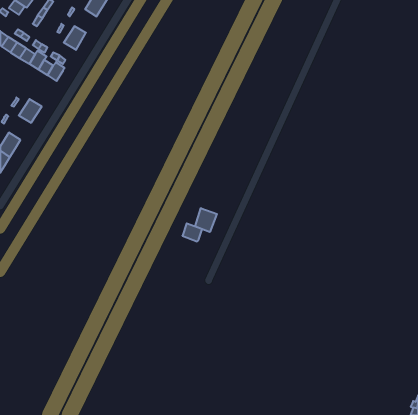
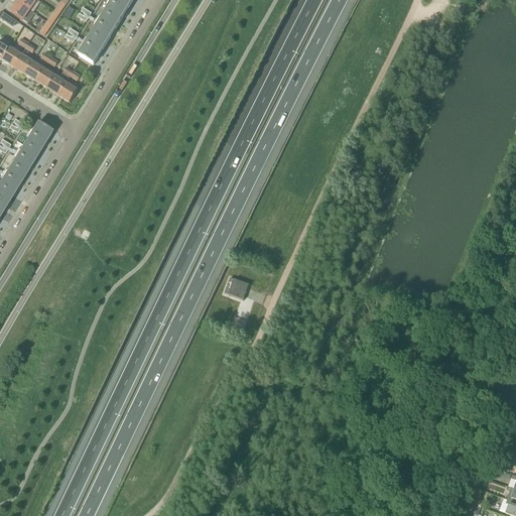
building: none -> [92,11,119,40]
building: none -> [11,142,38,172]
building: [195,208,217,232] -> none

